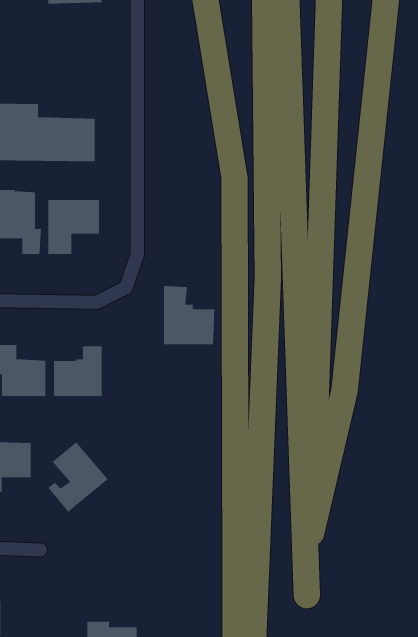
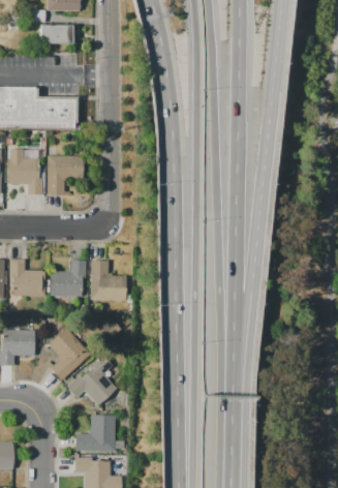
building: none -> [39,26,79,45]
building: [163,285,215,345] -> [90,260,127,302]
building: none -> [75,356,116,405]
building: none -> [75,415,123,451]

